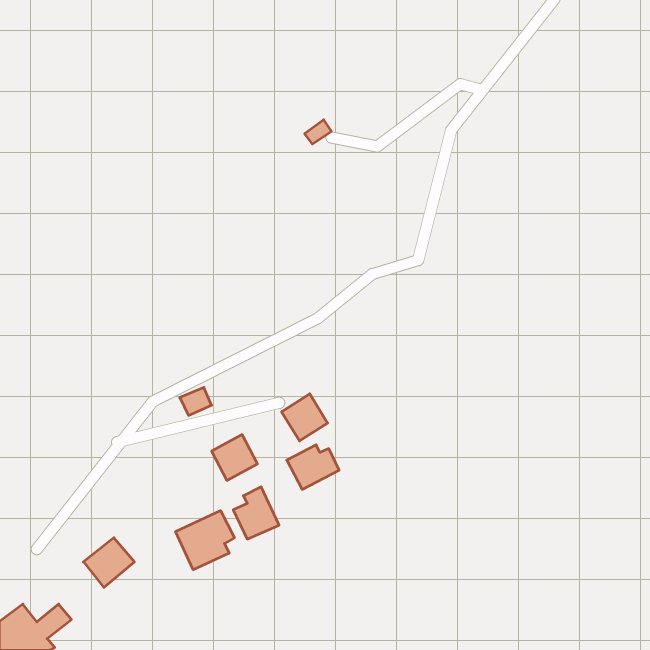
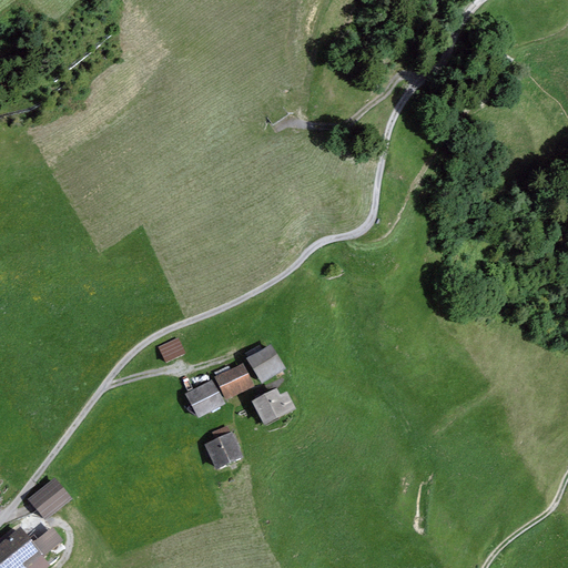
building: none -> [213,363,254,400]
building: [176,511,234,570] -> none
building: [83,538,134,587] -> [27,477,71,520]

